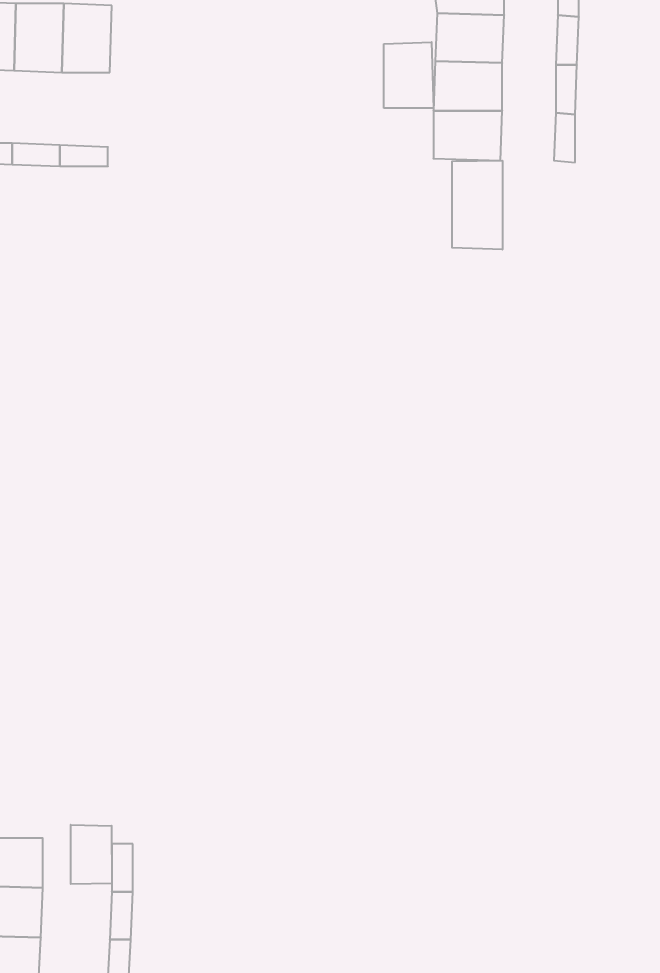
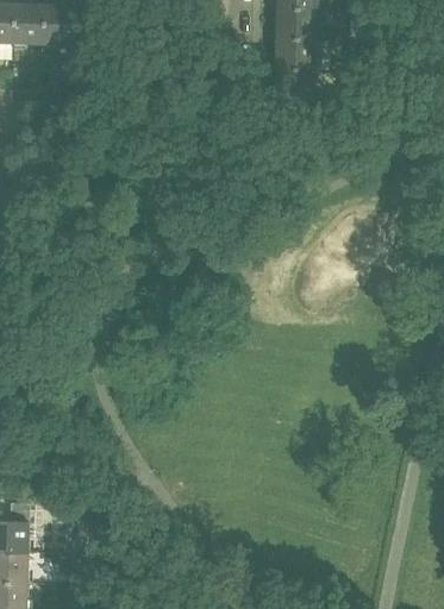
building: [384,42,433,108] -> none
building: [452,161,502,250] -> none
building: [71,825,112,884] -> none

